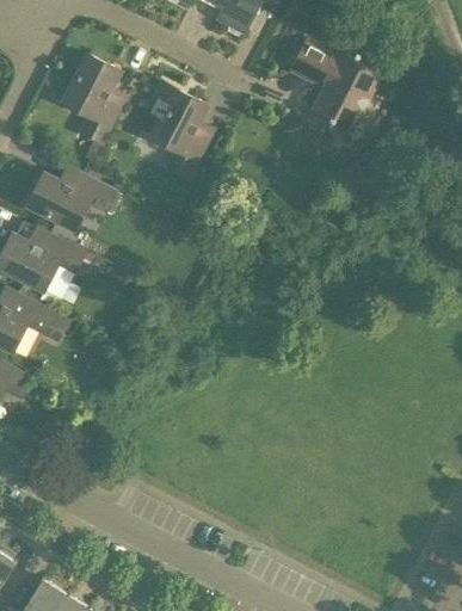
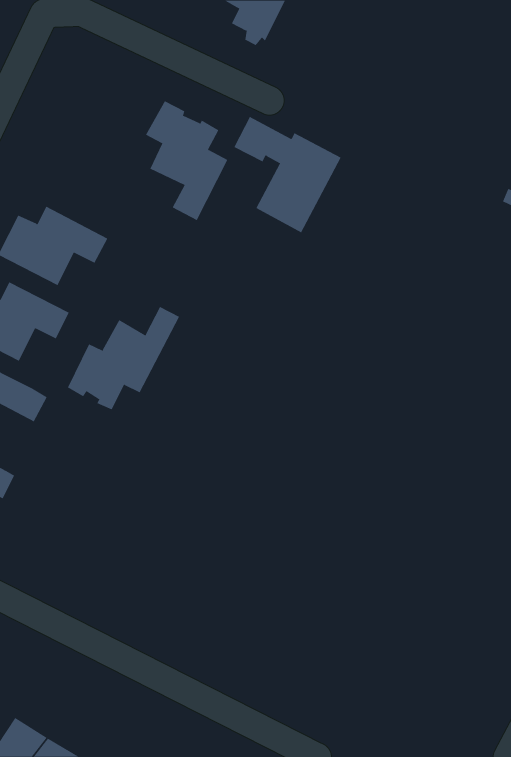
building: [292,41,380,135] -> [233,116,341,233]
building: [63,53,121,160] -> none
building: none -> [67,306,180,410]

